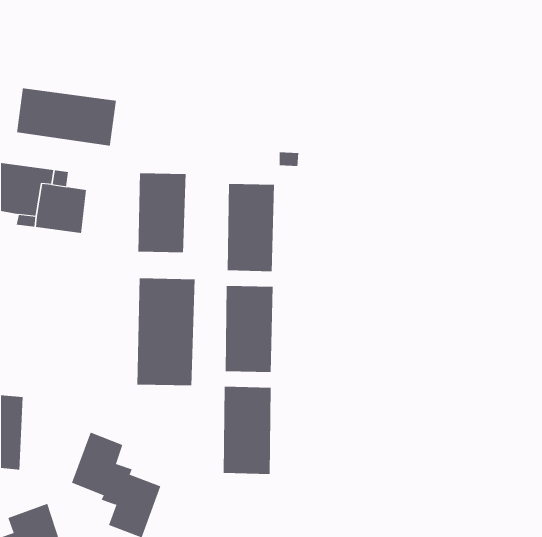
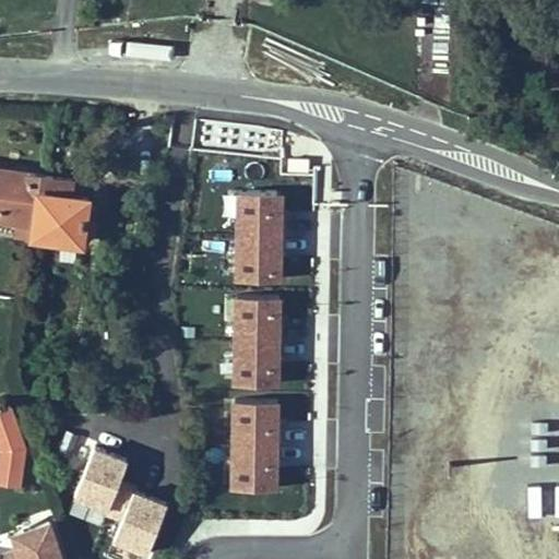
building: [16,87,116,146] -> none
building: [138,172,186,253] -> none
building: [137,278,195,386] -> none

